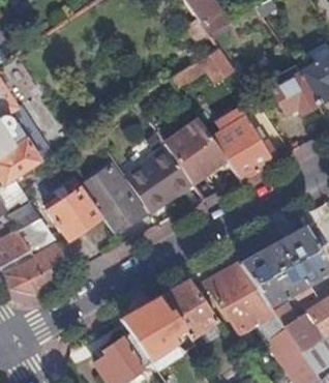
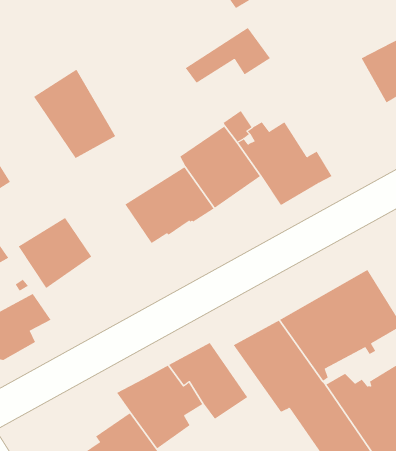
building: [271,70,319,113] -> none
building: [83,167,144,233] -> [33,69,116,159]

